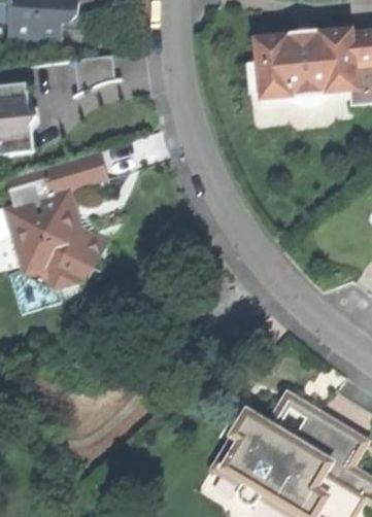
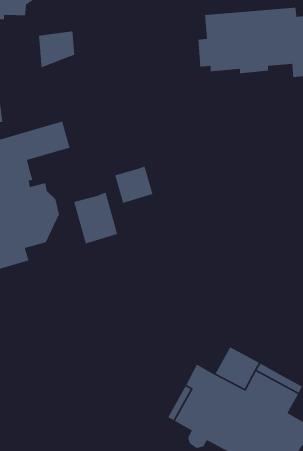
building: none -> [114,166,153,204]
building: none -> [73,192,118,245]

